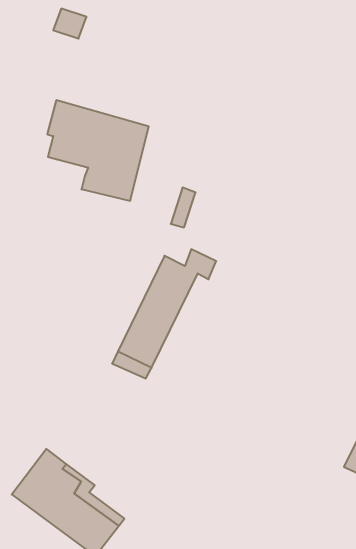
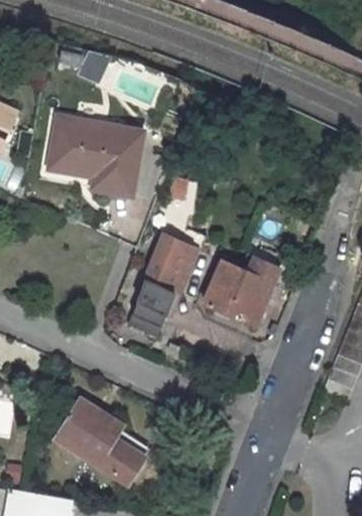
building: none -> [48,115,96,175]
building: none -> [203,254,280,327]

